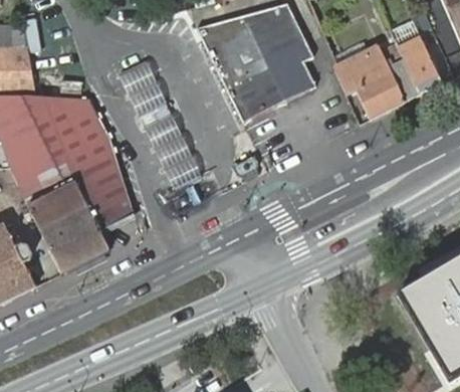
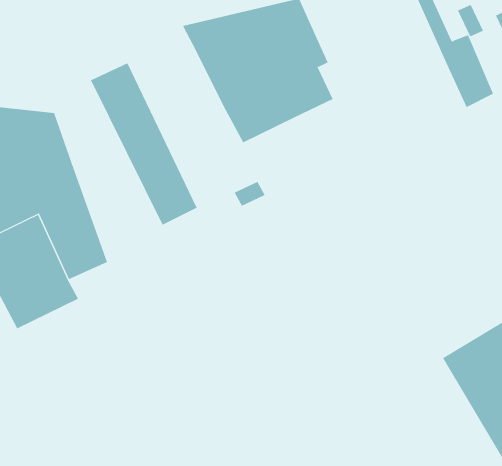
building: [333,56,419,119] -> none

